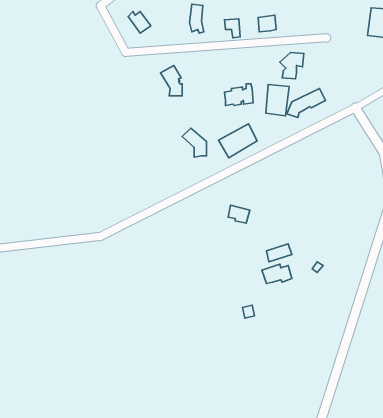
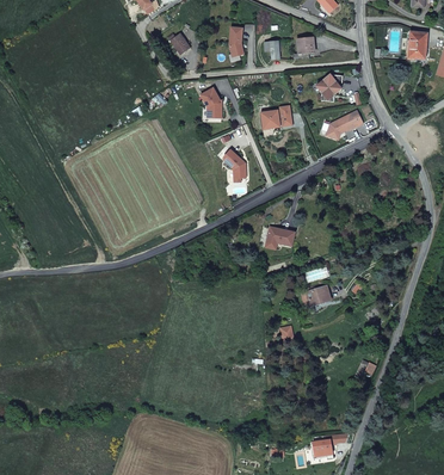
building: [266,85,289,116] -> none
building: [219,124,257,158] -> none

